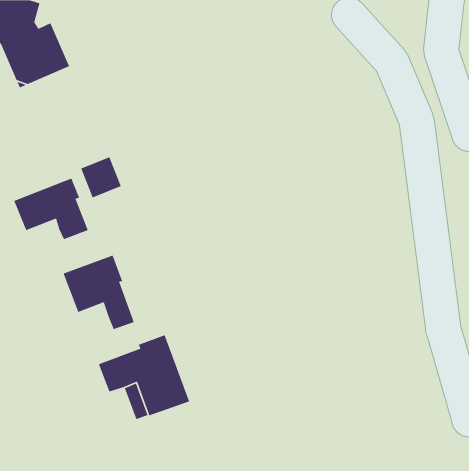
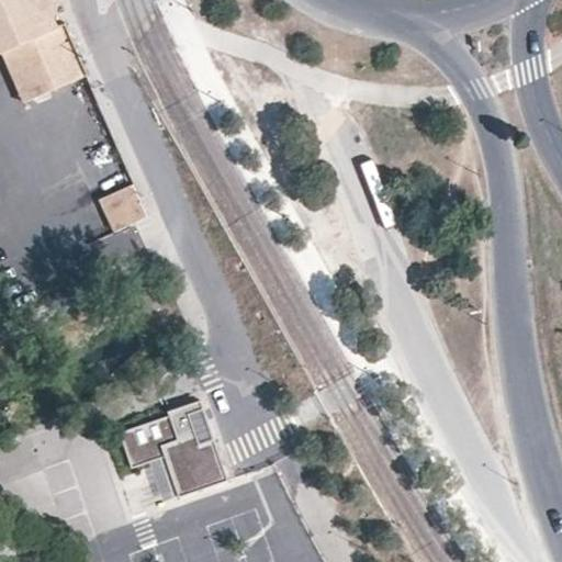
building: [13,177,89,240] -> none
building: [63,255,135,330] -> none

